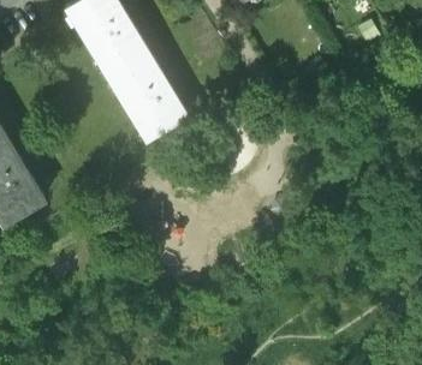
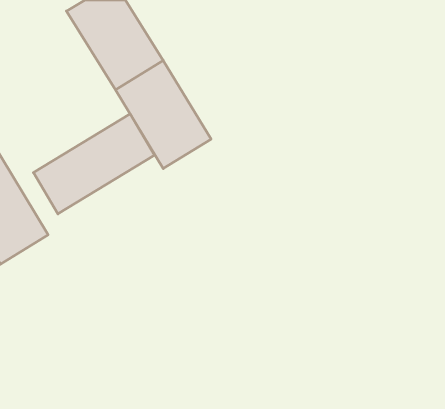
building: none -> [33,114,155,214]

